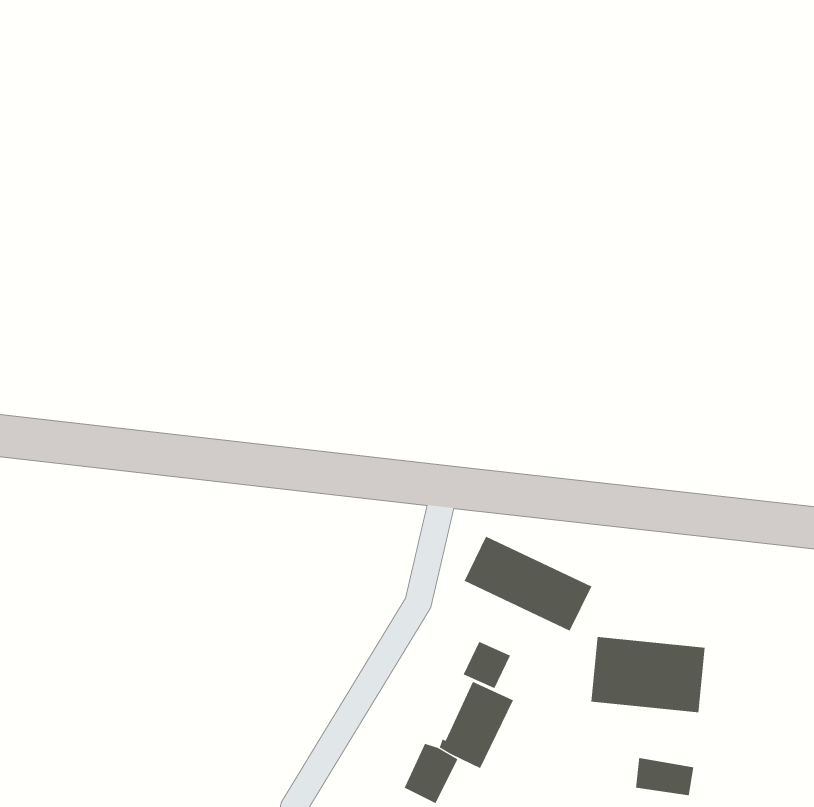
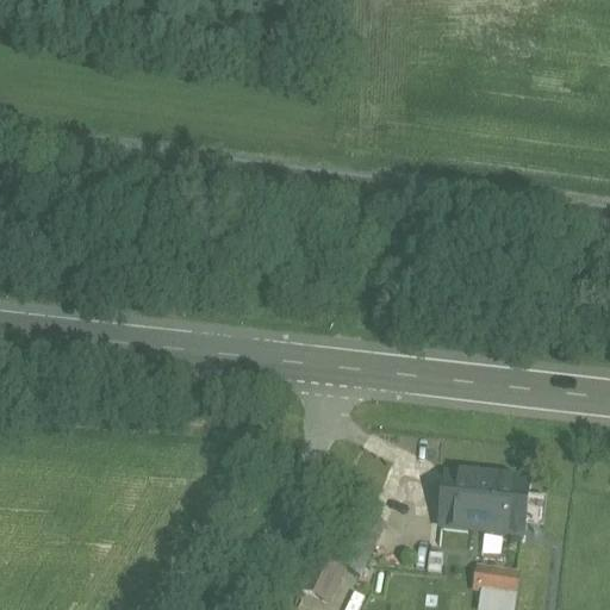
building: [464,536,592,632] -> none

